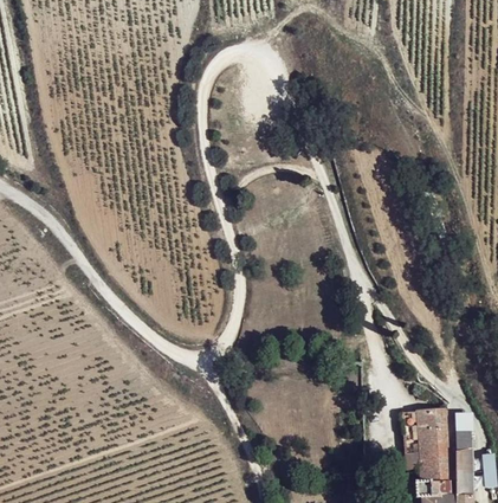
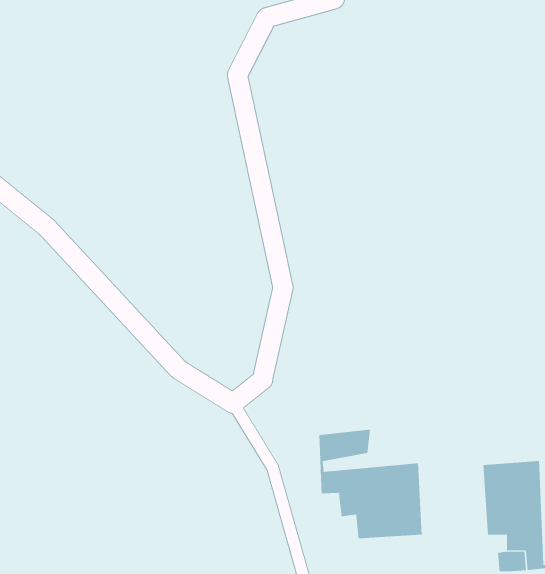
building: none -> [319,429,422,539]

